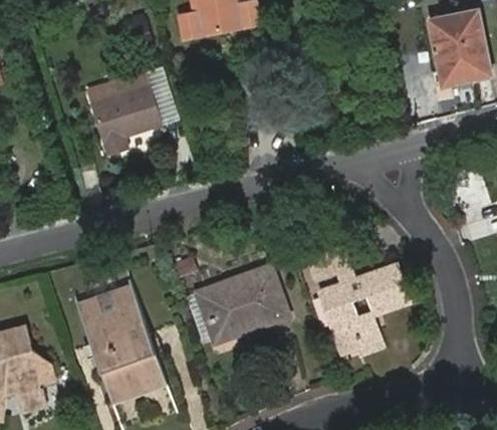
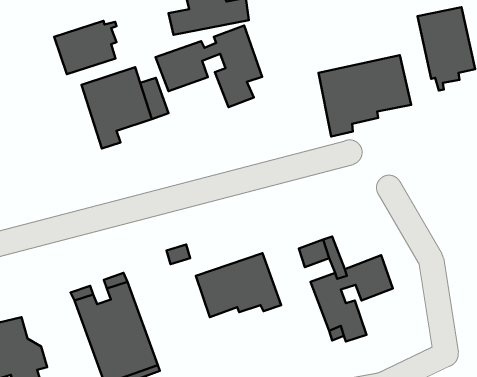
building: none -> [54,21,116,74]
building: none -> [156,26,262,107]
building: none -> [319,55,411,136]
building: [188,286,248,335] -> none

